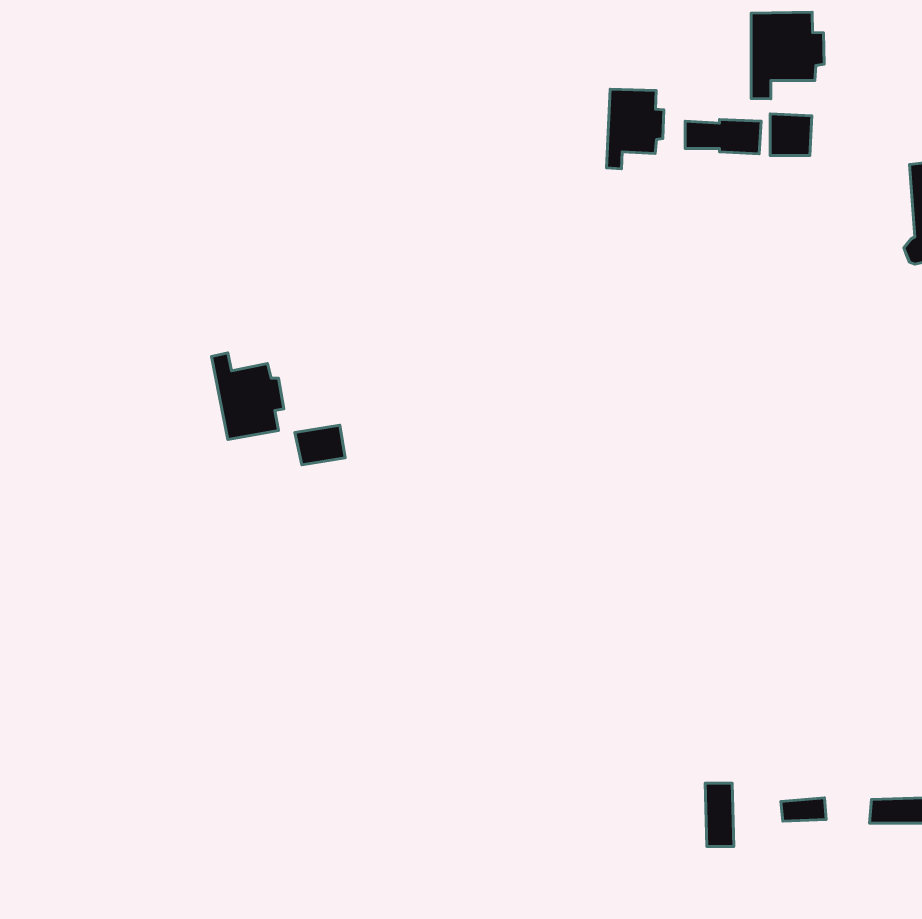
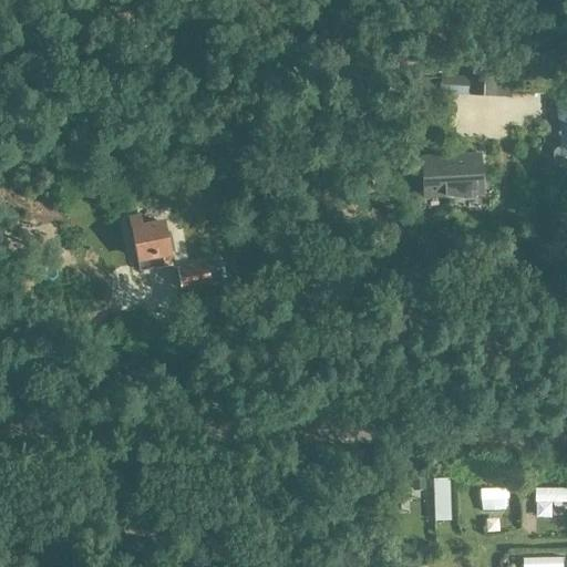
building: [751,12,824,99] -> none
building: [607,89,664,169] -> none
building: none -> [424,154,484,197]

